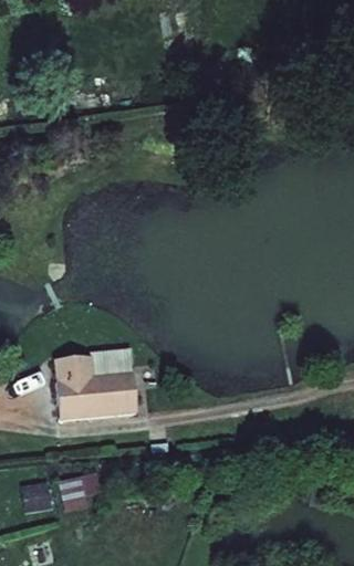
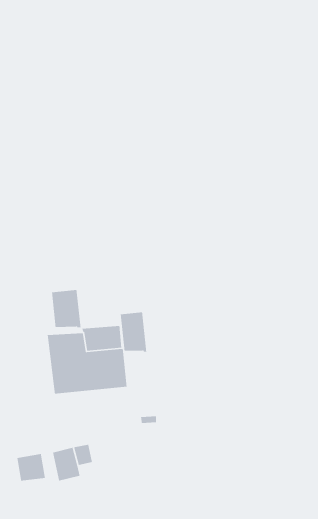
building: none -> [51,289,81,328]
building: none -> [120,311,147,352]

